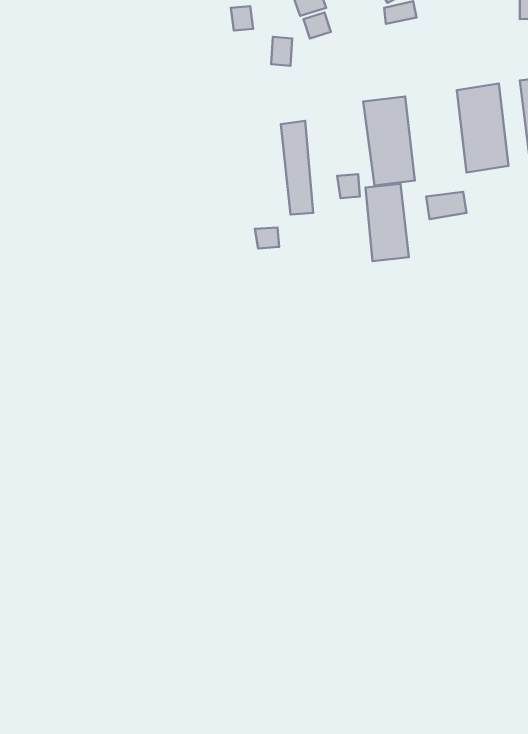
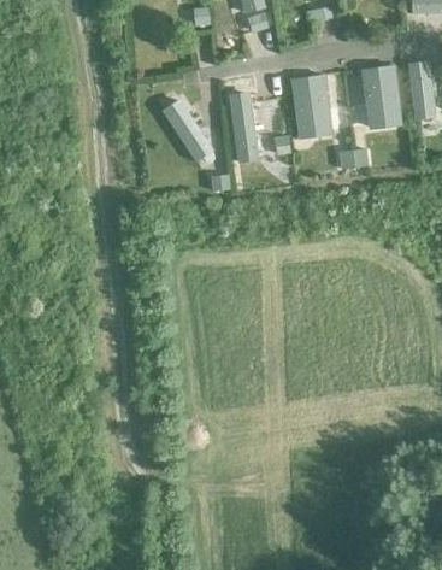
building: none -> [165,99,211,159]
building: [365,184,409,261] -> none

